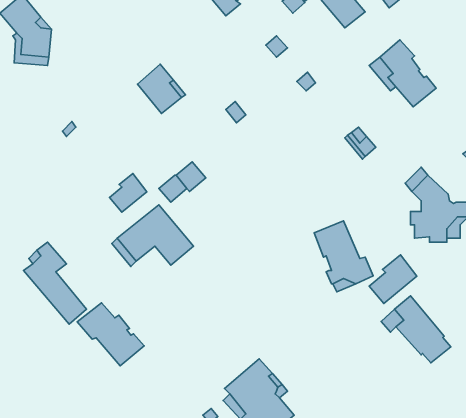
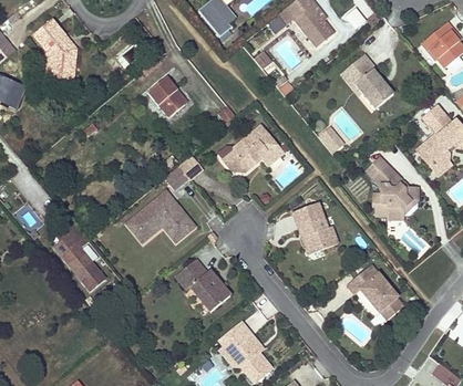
building: none -> [223,125,284,173]
building: [109,173,147,212] -> none
building: [369,255,417,304] -> none
building: [77,303,144,366] -> [176,260,232,312]

